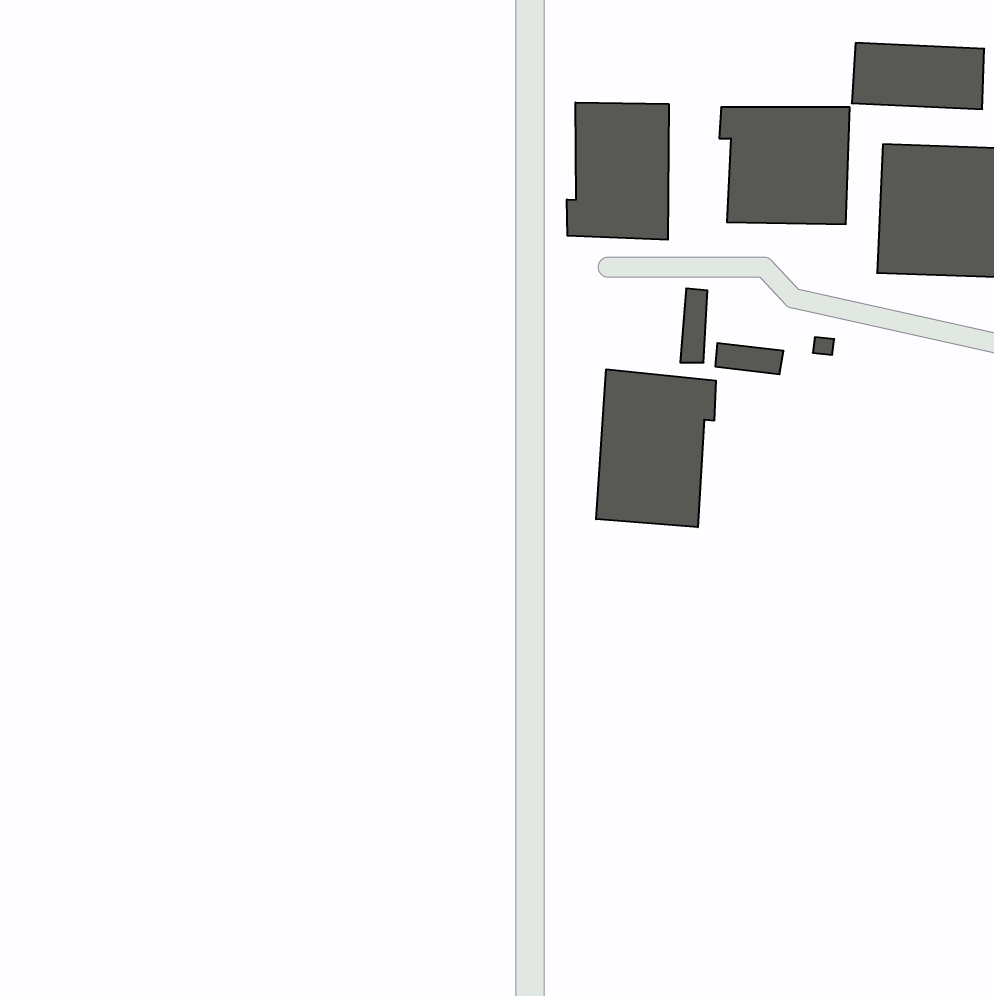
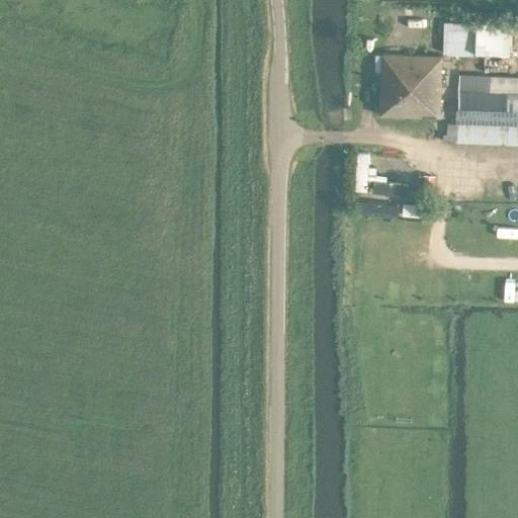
building: [567,102,669,240] -> none
building: [596,369,716,527] -> none

